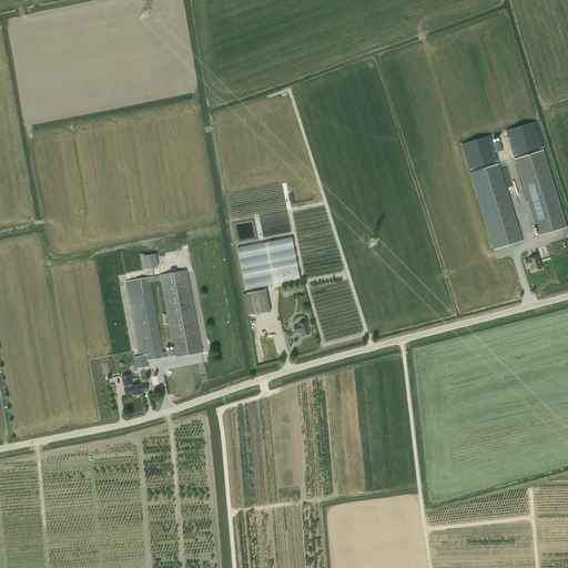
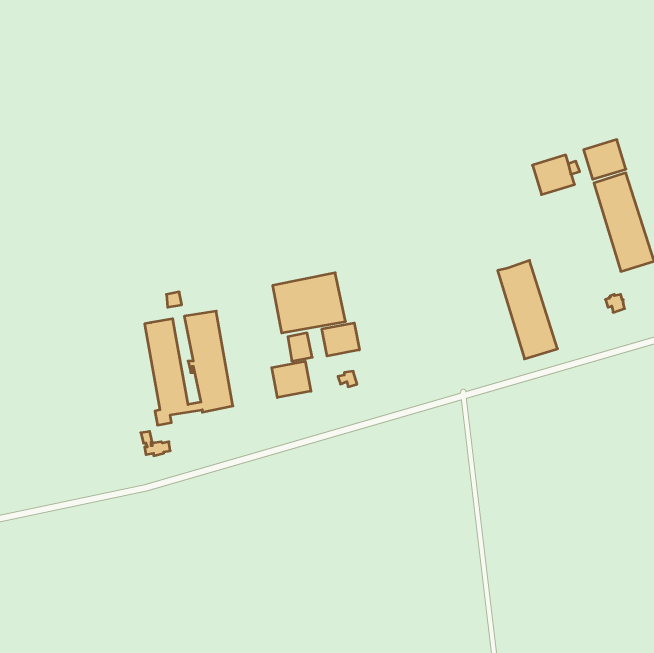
building: [470,163,523,248] -> [498,260,558,359]
building: none -> [322,323,359,356]
building: none -> [272,361,311,398]

